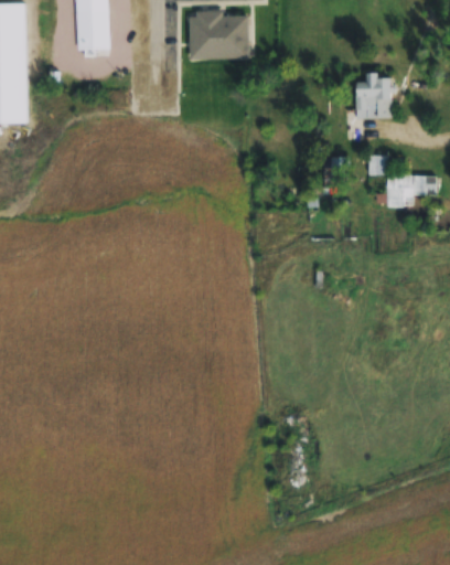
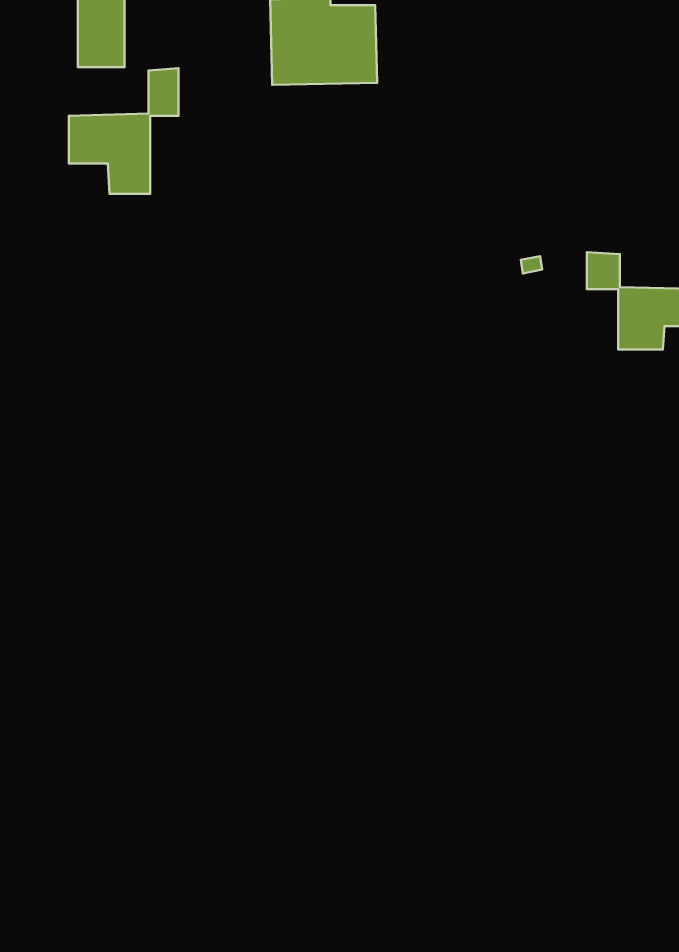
building: none -> [69,68,178,194]
building: [356,72,389,119] -> none

